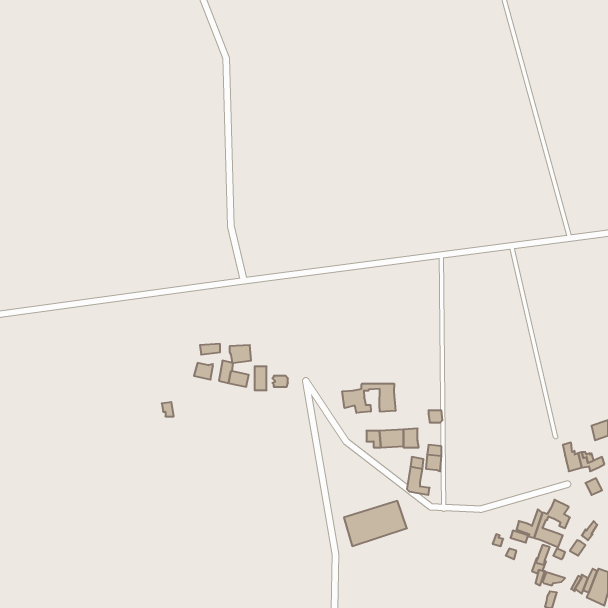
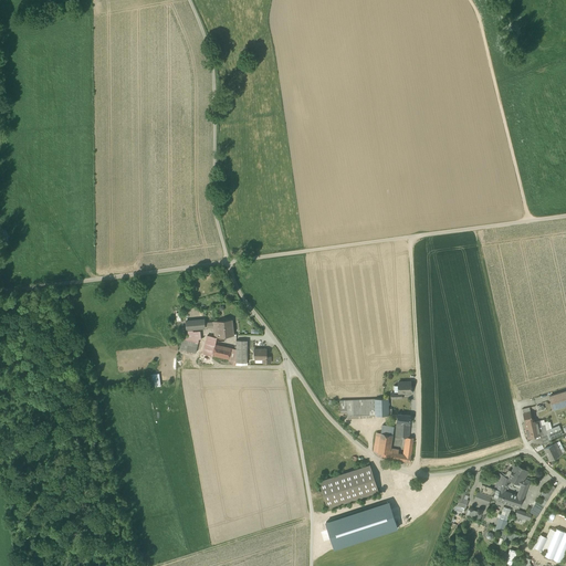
building: [342,384,395,413] -> none
building: none -> [326,502,398,548]

